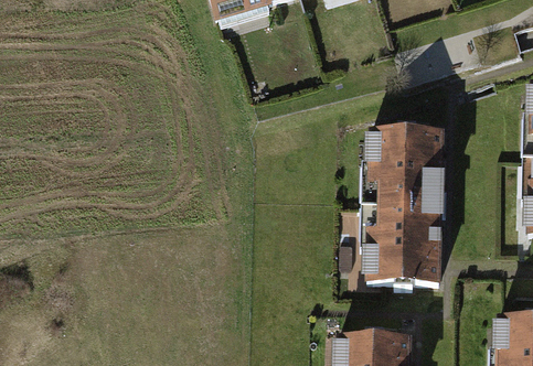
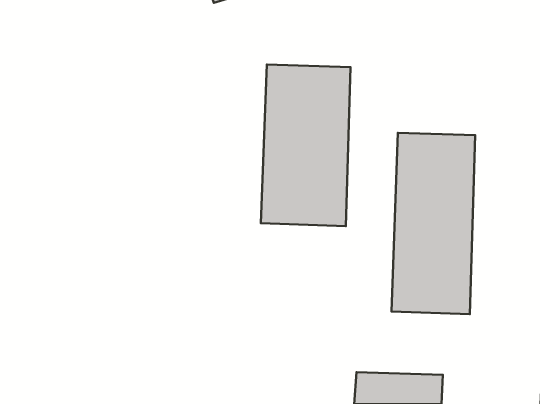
building: none -> [261,65,351,226]

